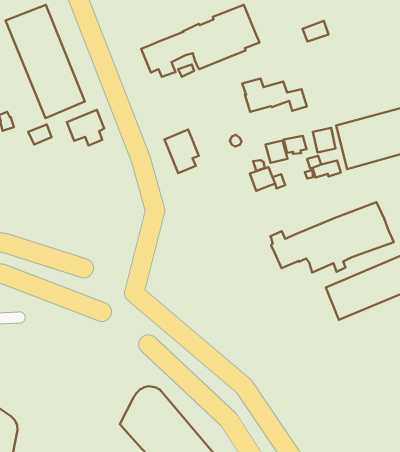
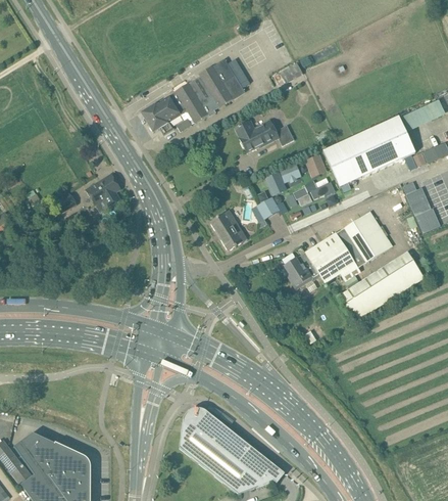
building: [6,5,85,118] -> none
building: [164,129,199,173] -> [210,210,243,249]

